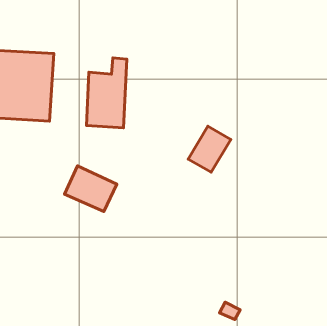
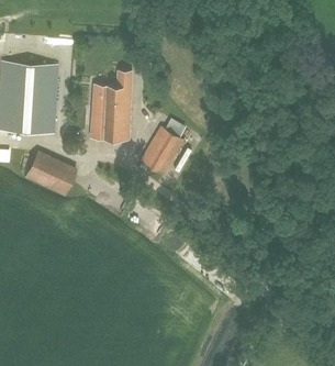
building: [188,126,231,172] -> [141,127,183,174]
building: [64,166,117,211] -> [25,149,78,196]

